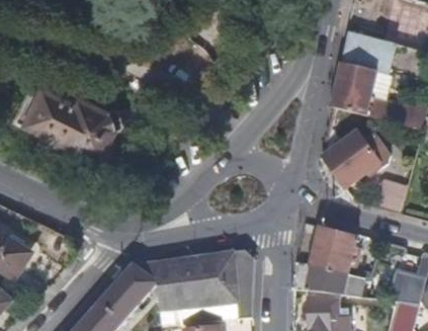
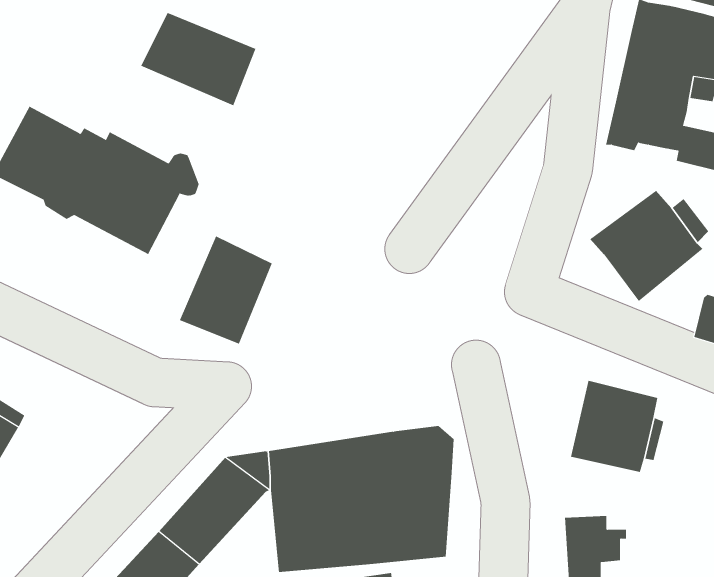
building: none -> [140,12,256,106]
building: none -> [179,235,272,344]
building: [294,261,366,296] -> none

